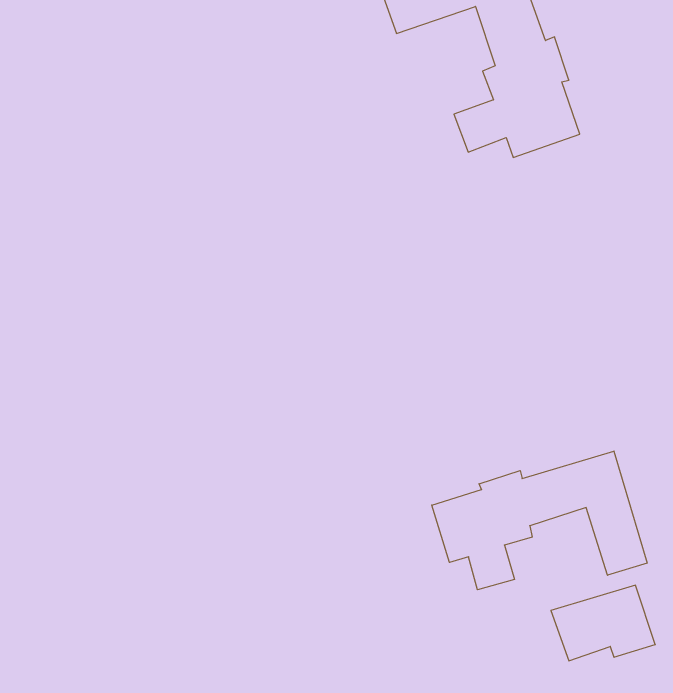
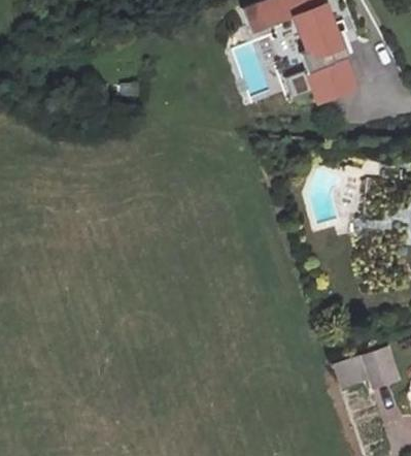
building: [432,451,647,590] -> none

